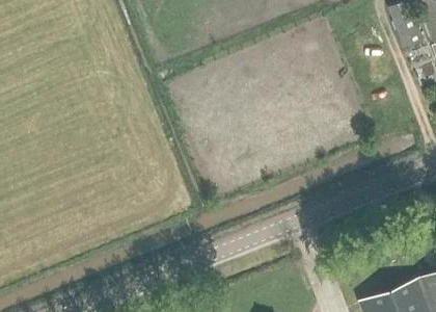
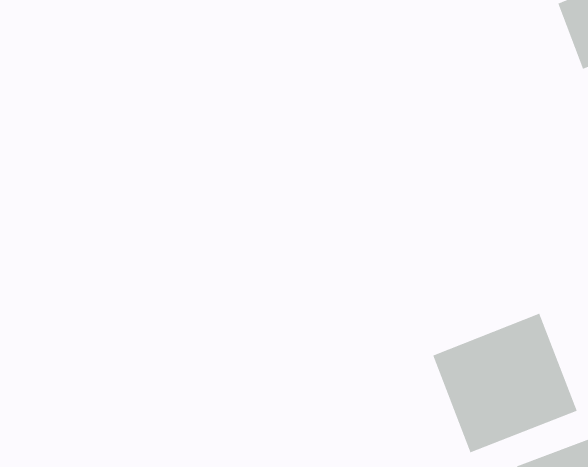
building: none -> [432,313,578,453]

